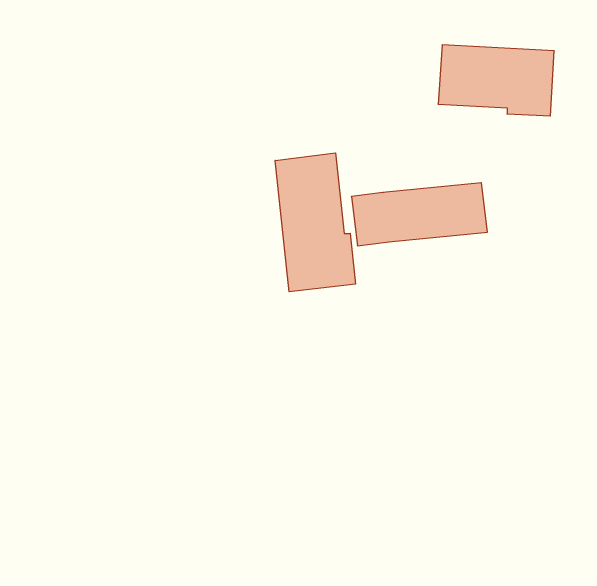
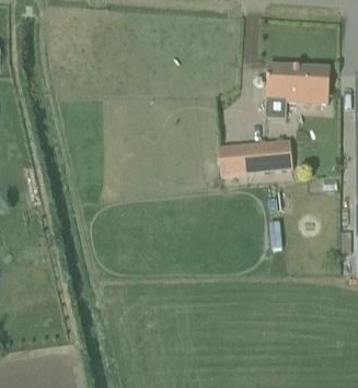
building: [275,153,355,292] -> none

